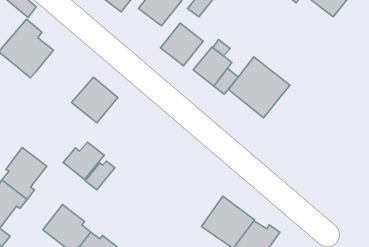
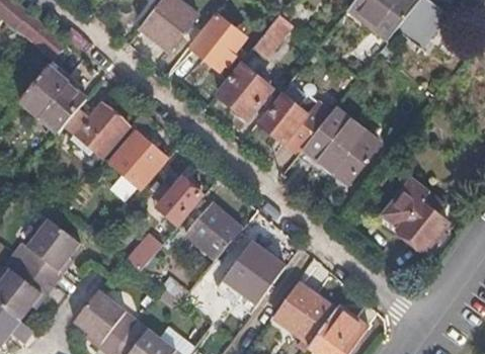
building: none -> [64,104,127,158]
building: none -> [382,177,449,249]
building: none -> [185,204,241,260]
building: [63,142,104,180] -> [151,178,201,225]
building: none -> [216,243,285,315]

